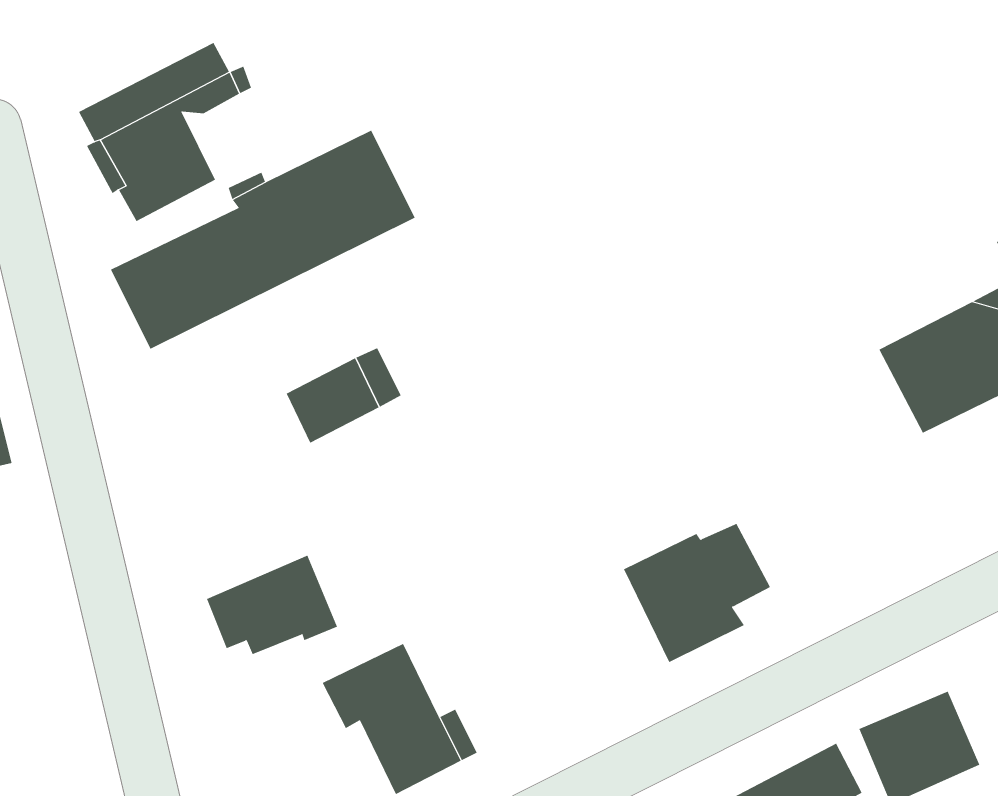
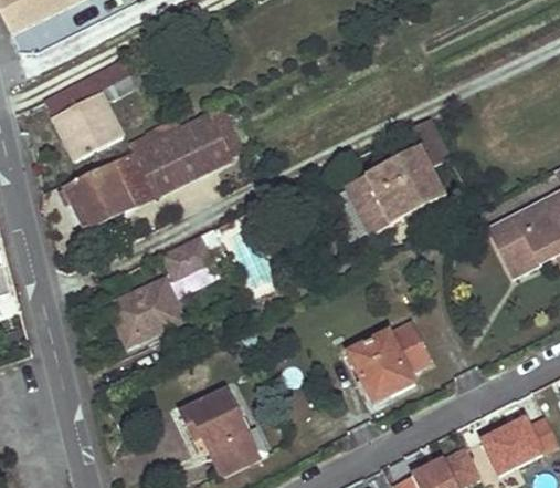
building: none -> [346,116,453,236]
building: [206,555,338,655] -> [109,280,182,335]

